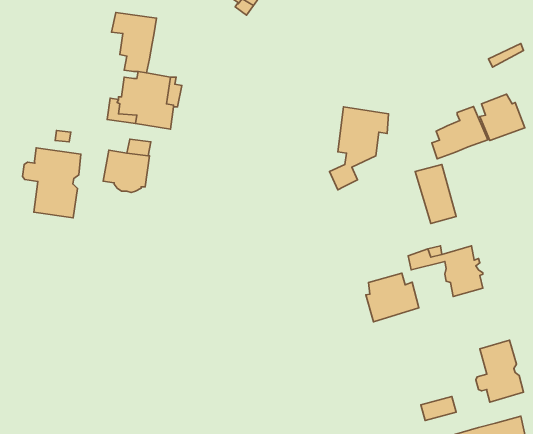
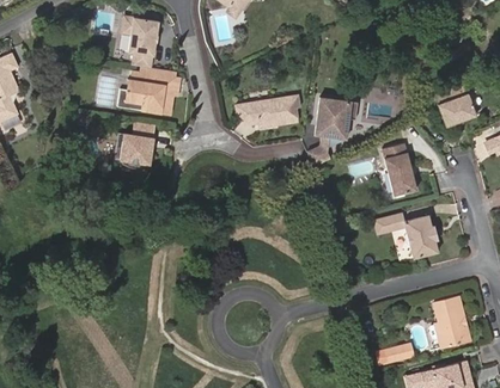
building: none -> [234,96,299,129]
building: [432,106,488,159] -> none
building: [23,148,81,218] -> none
building: [366,273,419,322] -> none

